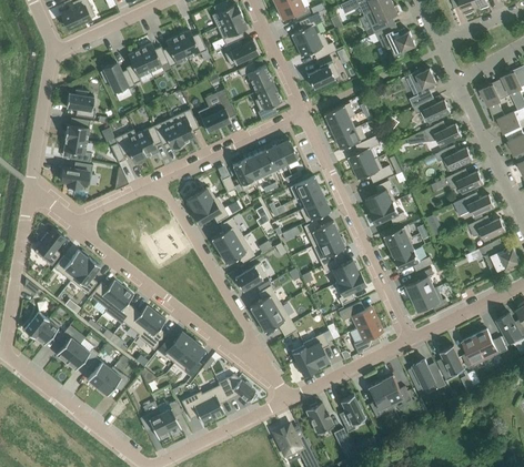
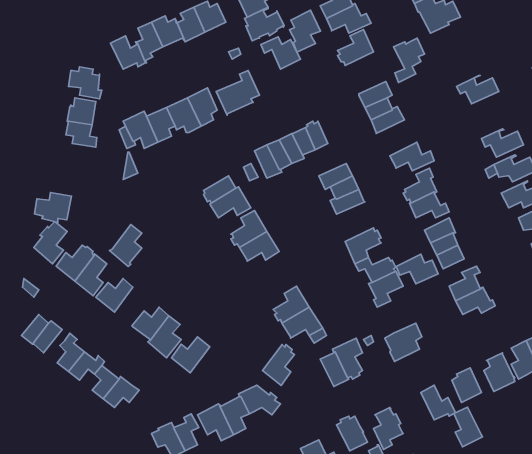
building: [409,68,436,108] -> [394,38,425,83]
building: [254,83,282,121] -> [289,10,320,52]
building: [424,122,462,146] -> none
building: [347,136,380,170] -> none
building: [60,162,93,189] -> [34,193,72,222]
building: [303,221,339,246] -> none
building: [234,264,271,291] -> none
building: [104,287,133,325] -> [110,225,142,267]
building: [339,302,376,328] -> [396,254,438,284]
building: [174,341,203,377] -> [262,345,295,386]
building: [369,382,394,417] -> [454,407,482,447]

